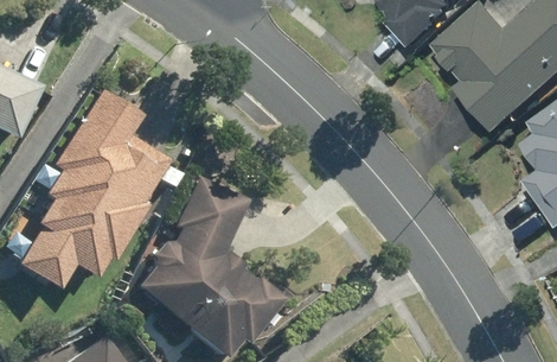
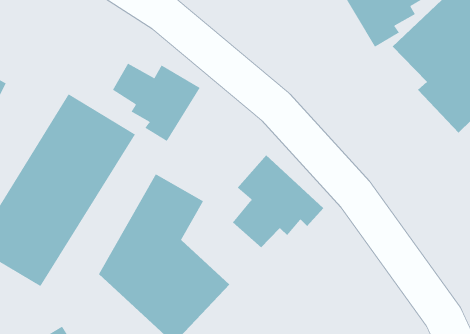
building: none -> [112,63,201,142]
building: none -> [232,154,324,248]

